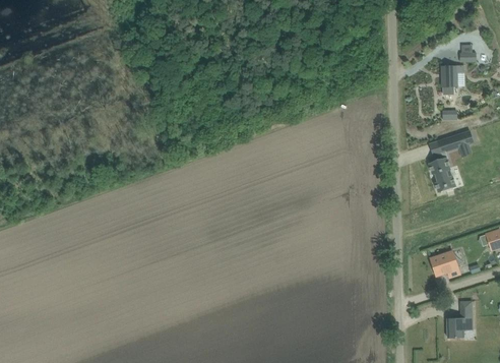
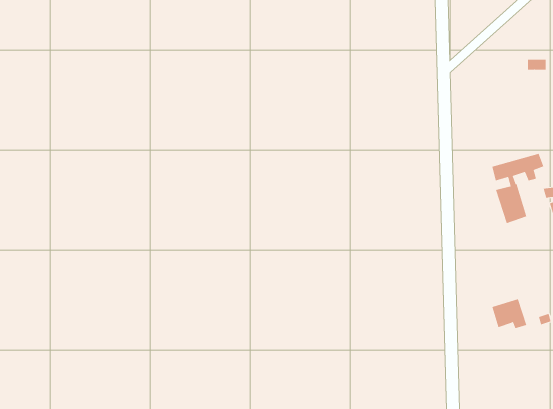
building: [441,65,462,95] -> none
building: [446,301,473,338] -> none

